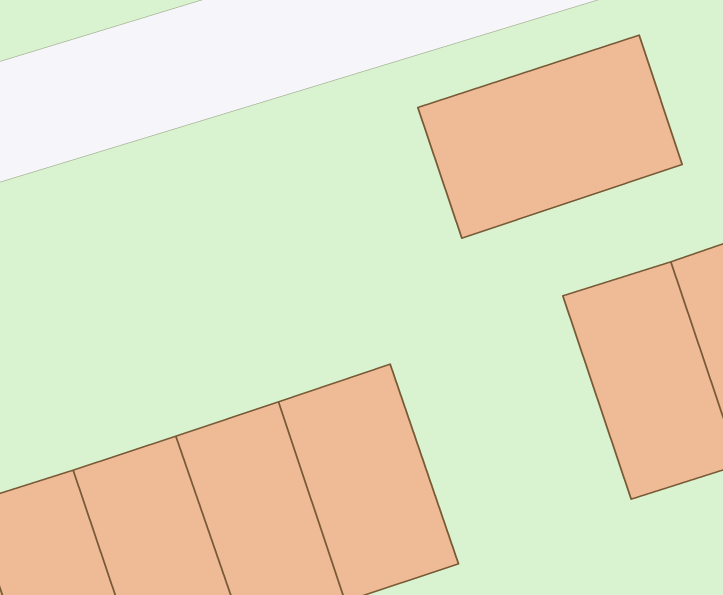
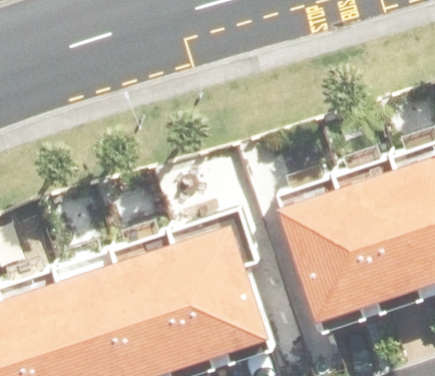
building: [418,35,682,238] -> none
building: none -> [276,181,368,314]

